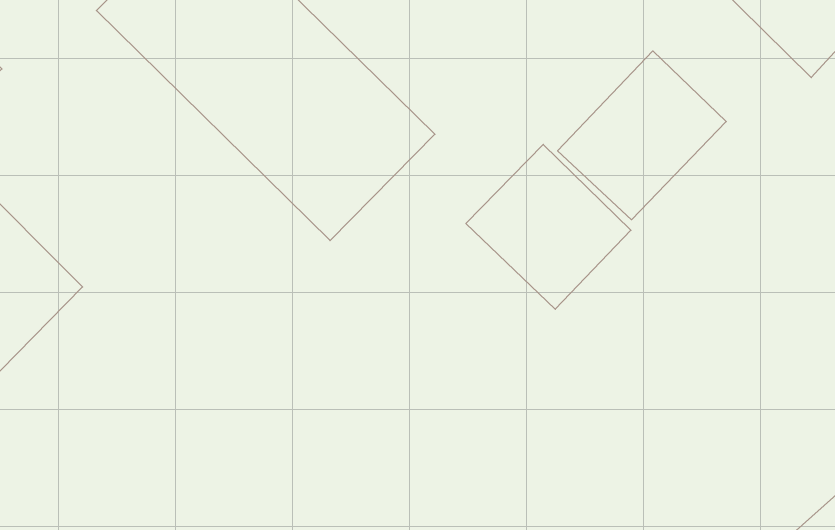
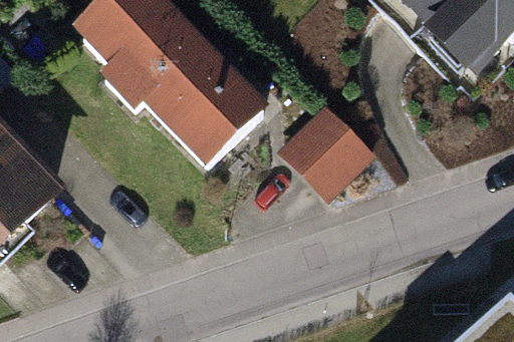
building: [558,51,726,220] -> none

